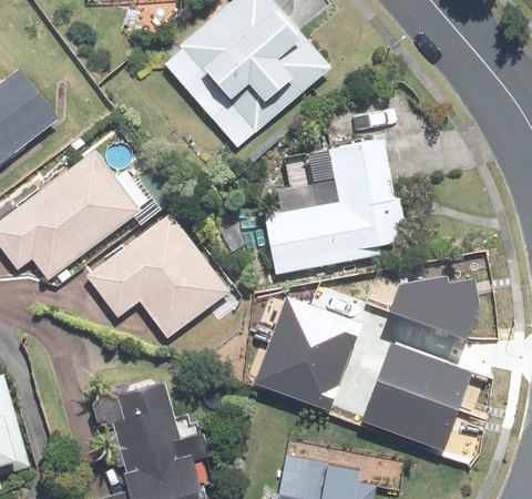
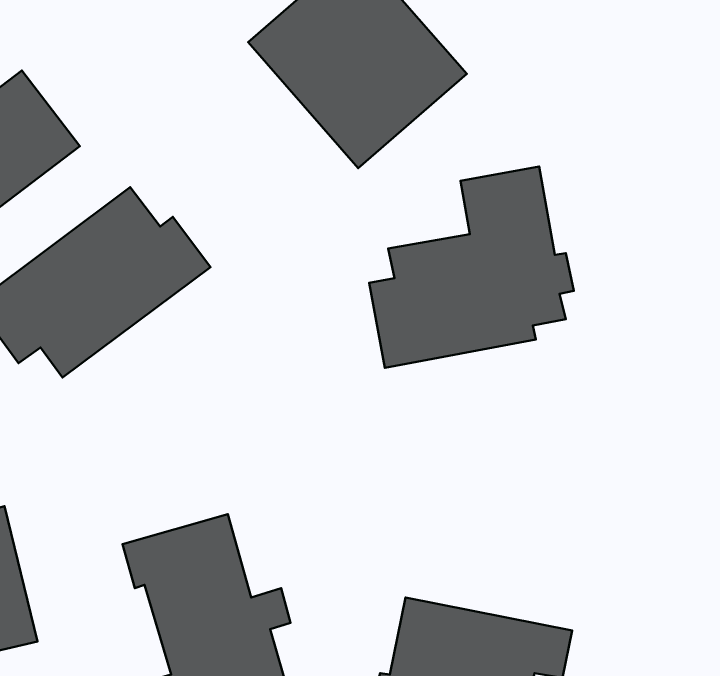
building: [83,211,229,339] -> none
building: [387,275,479,340] -> none
building: [252,296,359,413] -> none
building: [361,346,490,469] -> none

